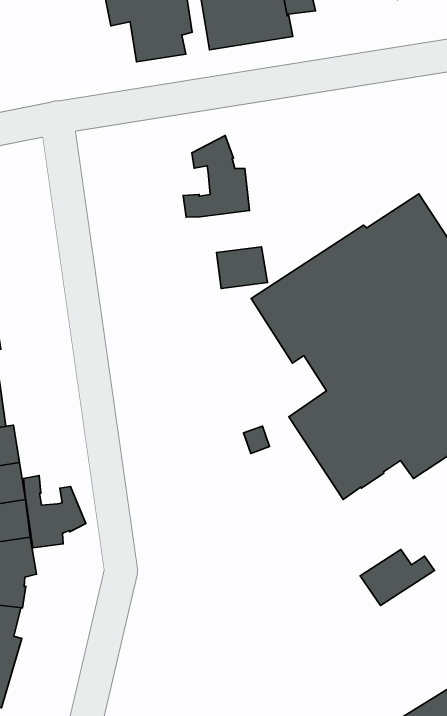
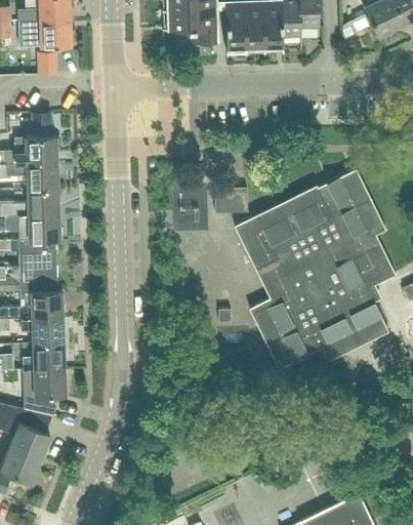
building: [183,136,250,217] -> none
building: [23,476,86,548] -> none
building: [360,549,434,606] -> none

